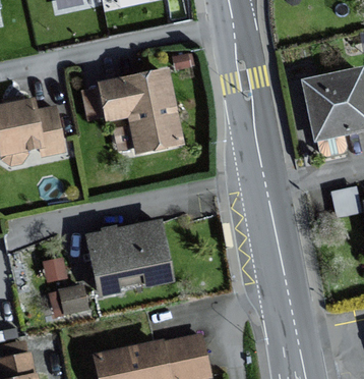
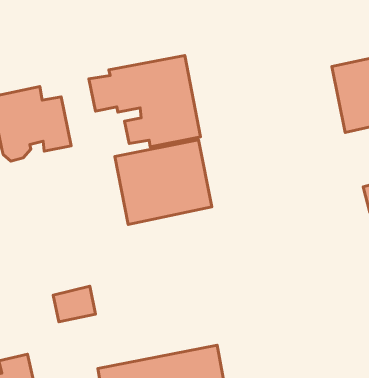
building: [83,222,172,300] -> [115,140,212,225]

